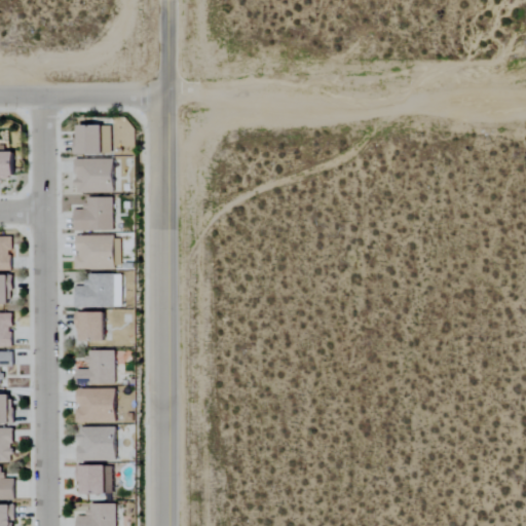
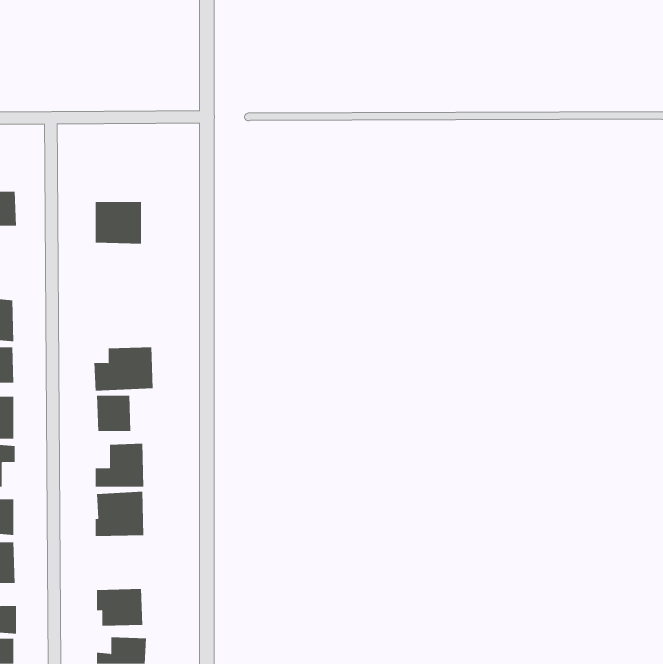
building: [74,125,111,154] -> none
building: [73,197,113,231] -> none
building: [74,235,120,270] -> none
building: [77,427,116,462] -> none

